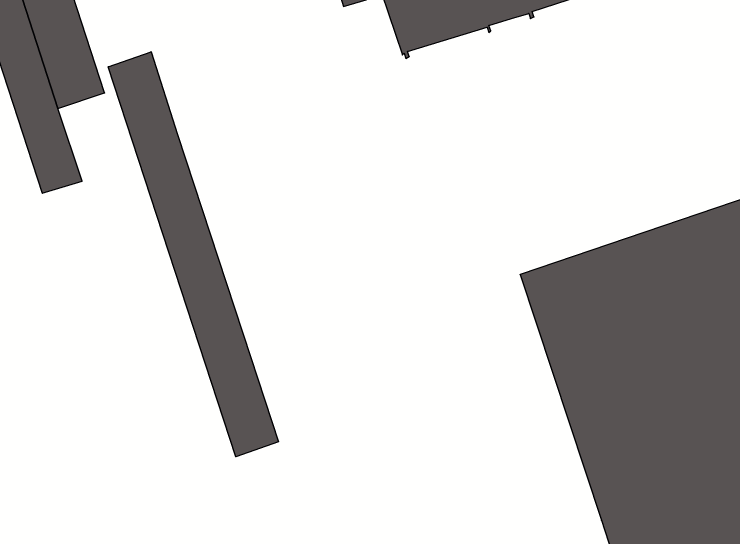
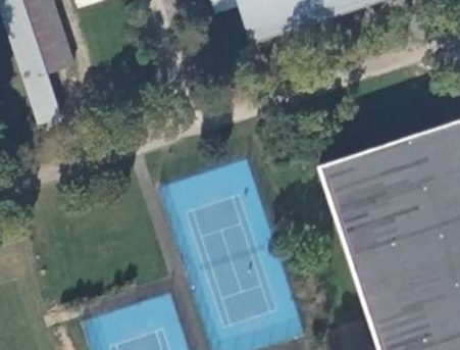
building: [108,52,279,457] -> none

